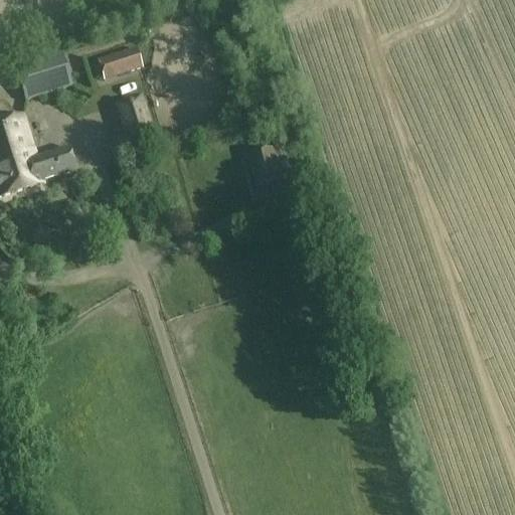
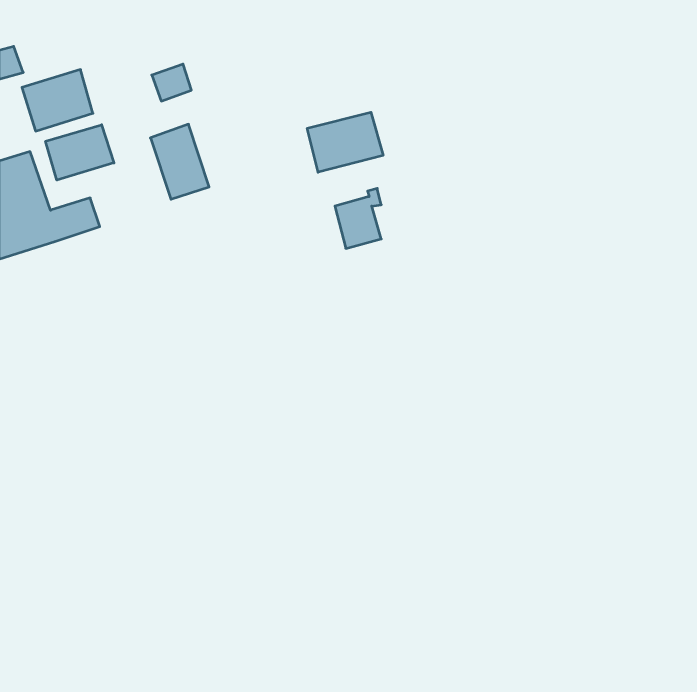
building: none -> [307,112,383,172]
building: none -> [46,125,114,180]

